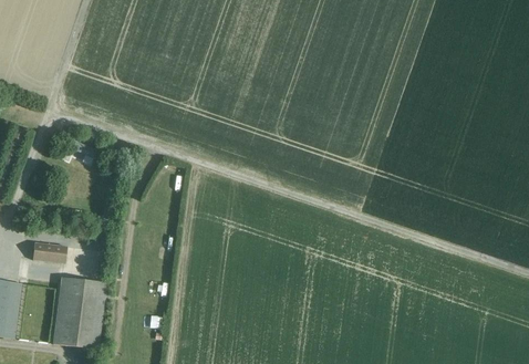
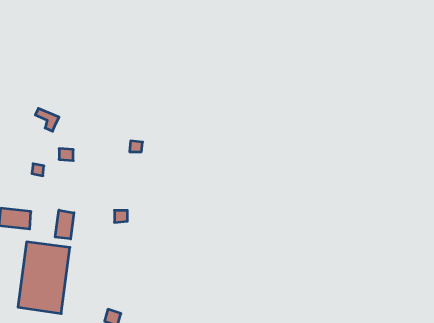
building: none -> [55,210,74,239]

